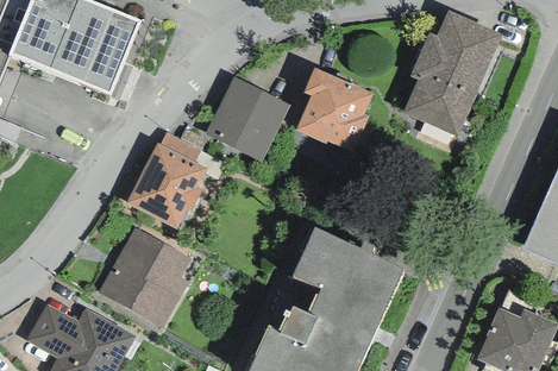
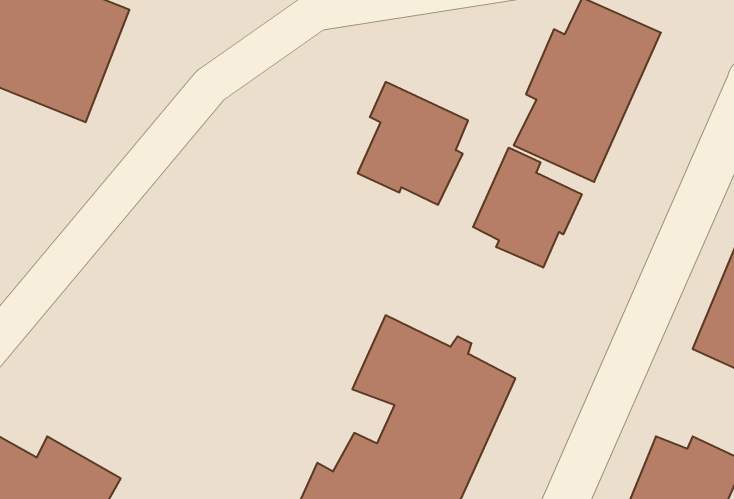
building: [206,76,290,162] -> none
building: none -> [473,148,582,268]
building: [126,132,207,228] -> none
building: [98,227,189,329] -> none

